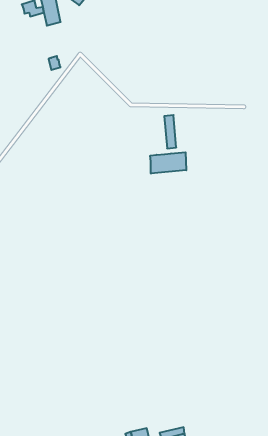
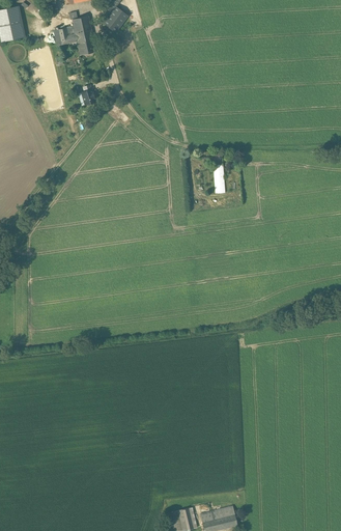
building: [150,152,186,174] -> none

